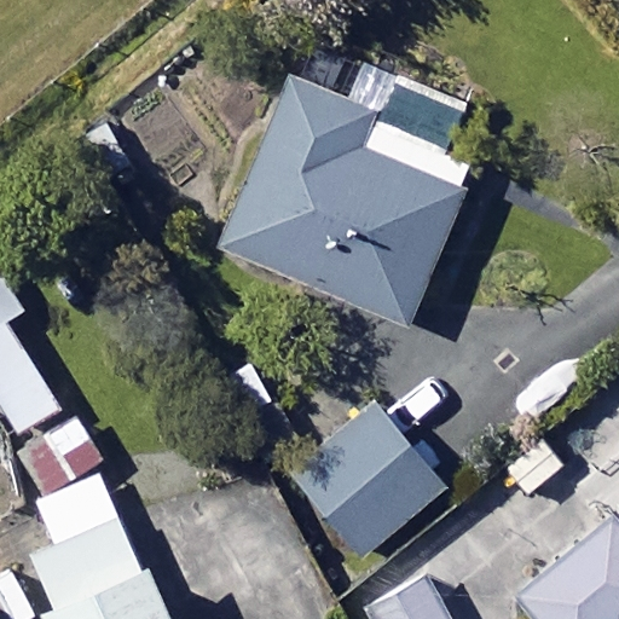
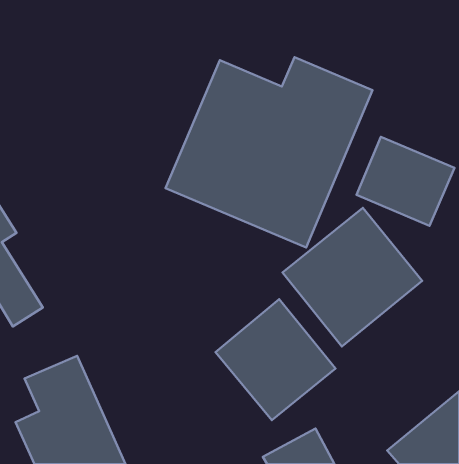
building: none -> [357,137,454,226]
building: none -> [283,208,422,347]

